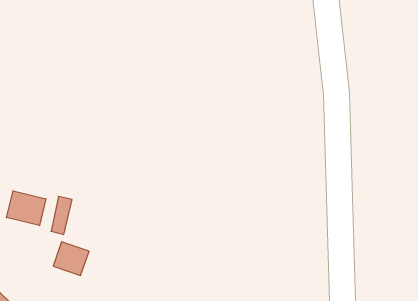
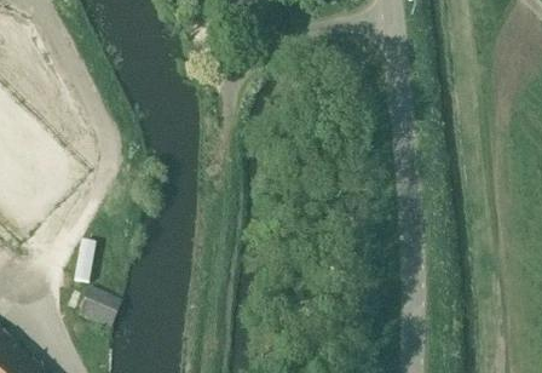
building: [7,191,46,226] -> none

